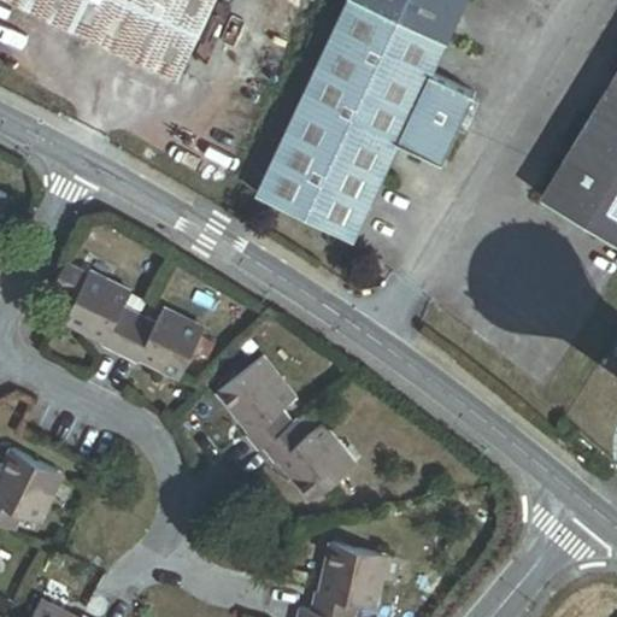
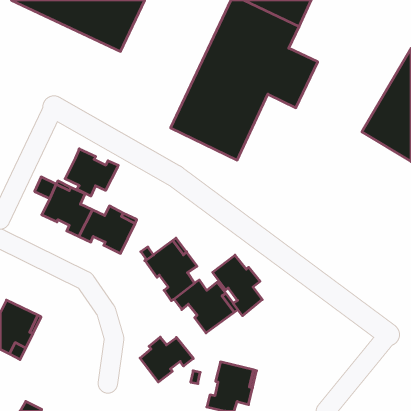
building: none -> [65,149,118,196]
building: none -> [213,255,262,316]
building: none -> [140,337,193,382]

